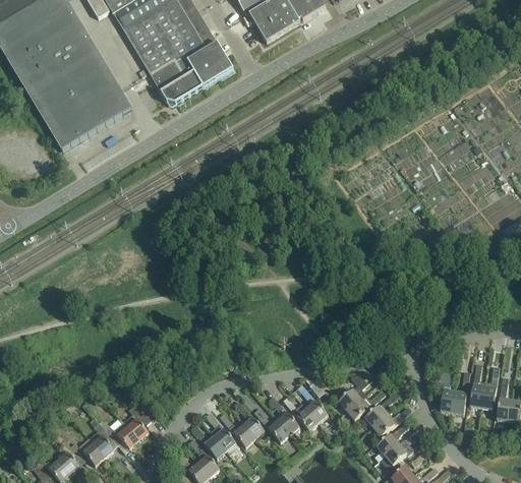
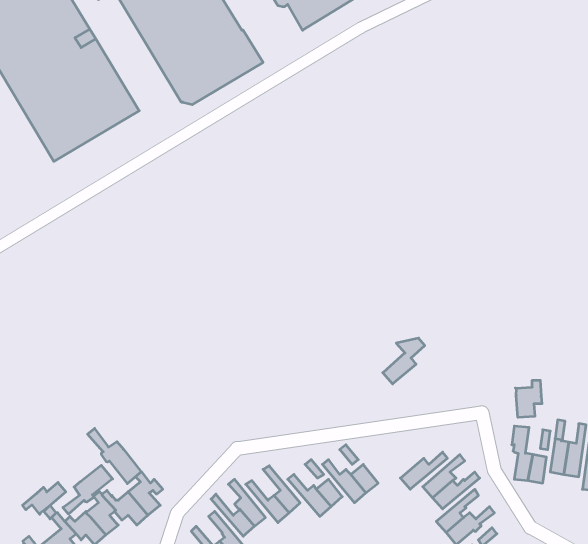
building: none -> [515,380,542,417]
building: none -> [88,428,141,484]
building: [338,372,372,410] -> [383,338,425,384]
building: none -> [63,465,113,514]
building: none -> [23,482,66,514]

